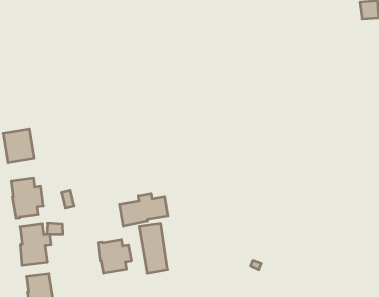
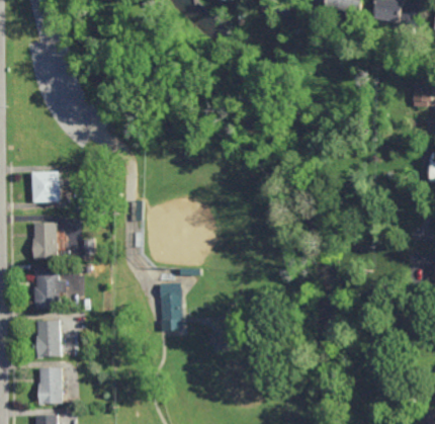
building: [120,194,168,226] -> none
building: [98,240,131,273] -> none

